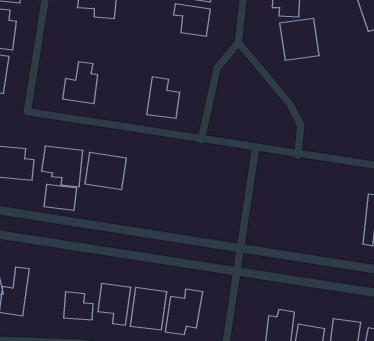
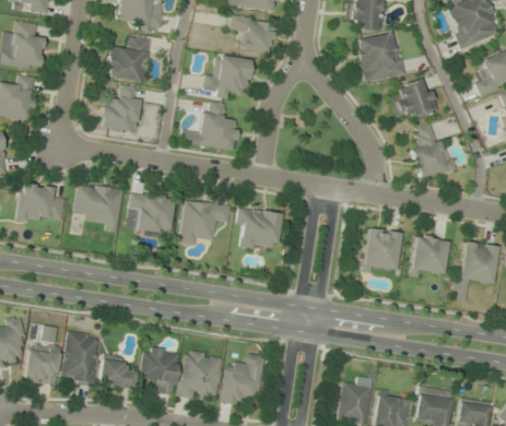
building: none -> [107,36,151,82]
building: none -> [203,55,251,98]
building: none -> [388,80,436,123]
building: none -> [412,122,450,181]
building: none -> [179,200,231,246]
building: none -> [236,208,282,251]
building: none -> [363,227,401,272]
building: [44,184,77,210] -> none
building: none -> [411,235,449,277]
building: none -> [62,332,99,387]

